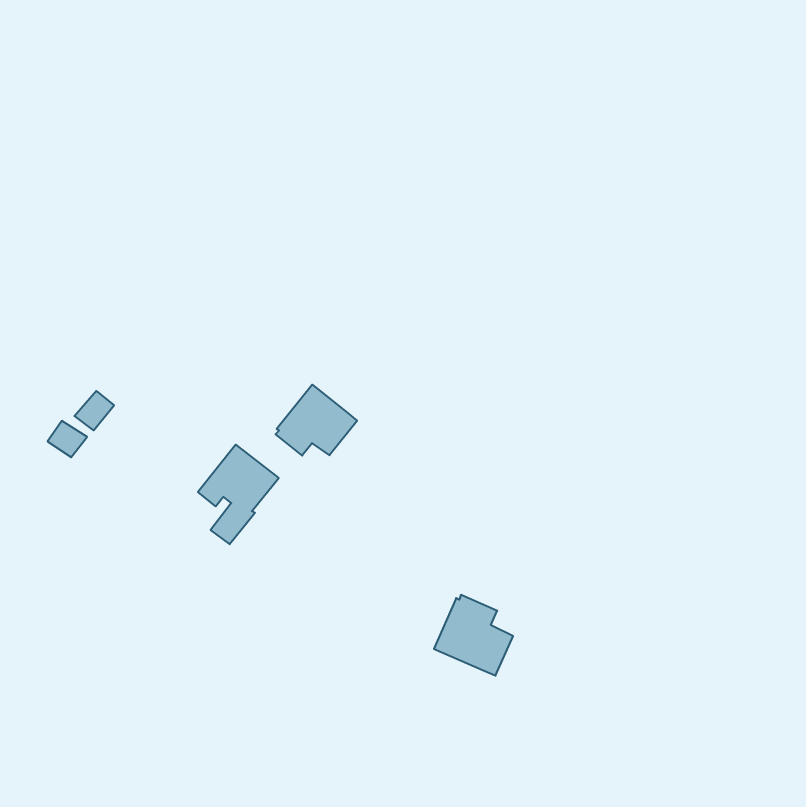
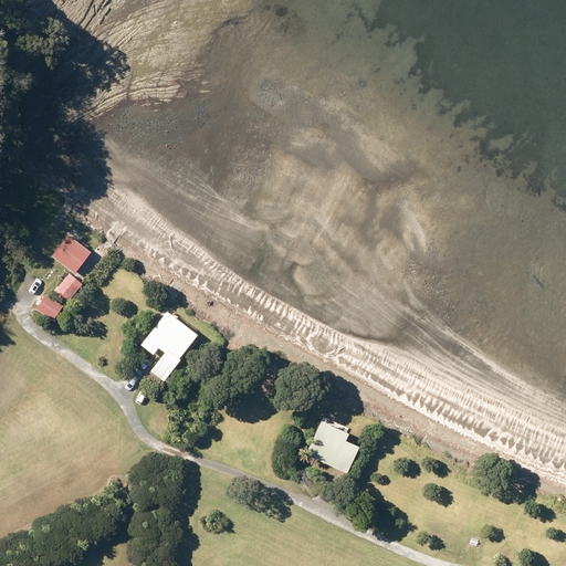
building: none -> [52,234,91,274]
building: [276,385,357,456] -> none

